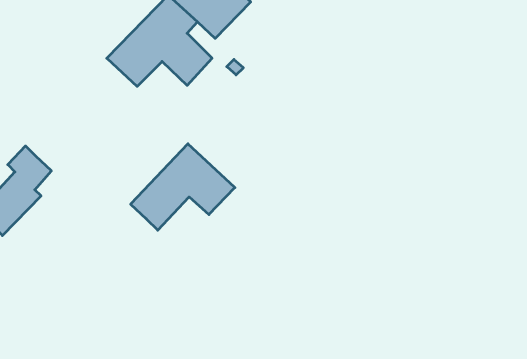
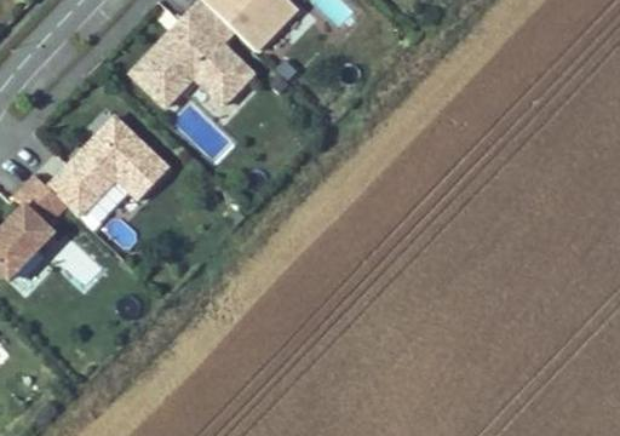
building: [131,144,235,230] -> [48,116,170,217]

